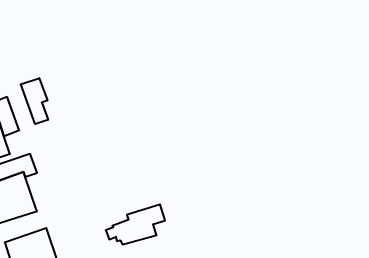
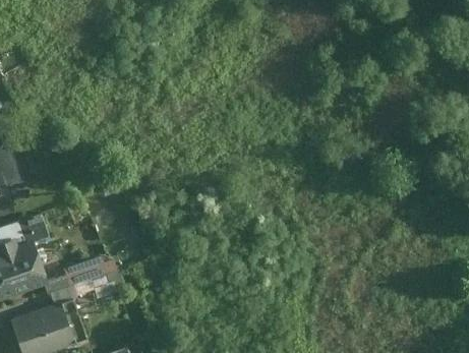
building: [21,78,48,124] -> none
building: [106,204,165,244] -> [38,254,109,302]

